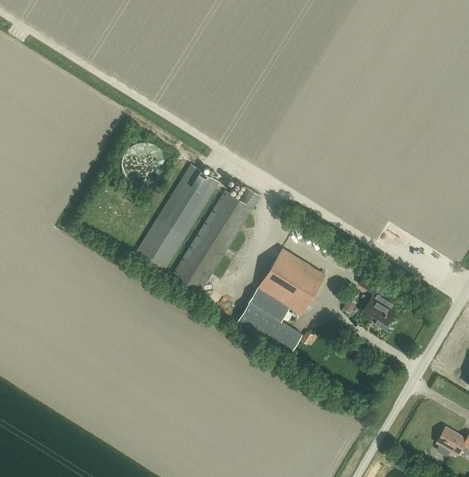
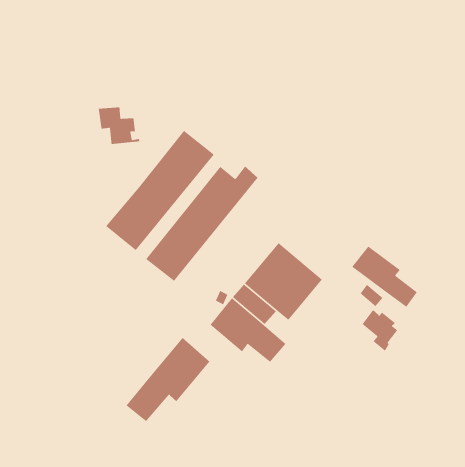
building: none -> [351,245,418,308]
building: none -> [126,337,210,422]

